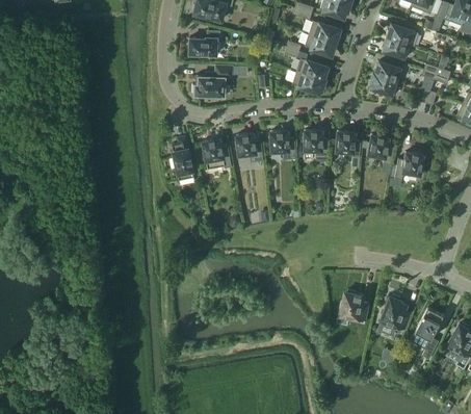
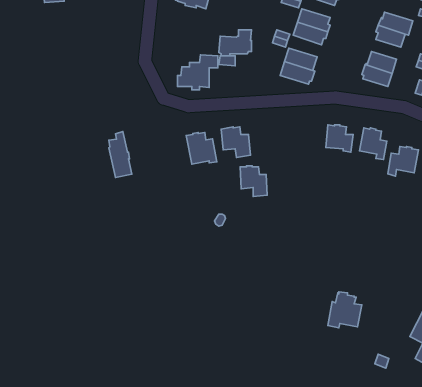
building: [188,30,219,55] -> [219,30,252,56]
building: [304,128,329,160] -> none
building: [269,129,295,158] -> [240,166,267,196]
building: [172,135,193,179] -> [109,132,132,177]
building: [381,293,411,329] -> none

